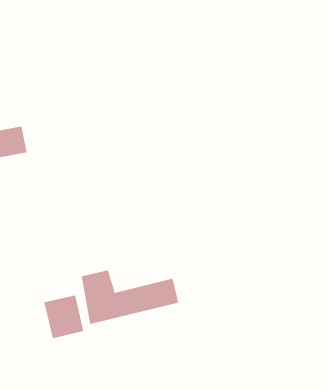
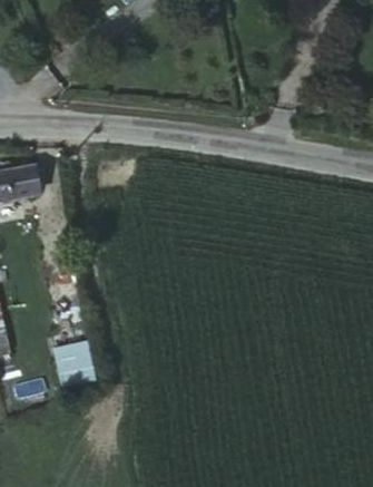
building: [81,270,179,325] -> none

